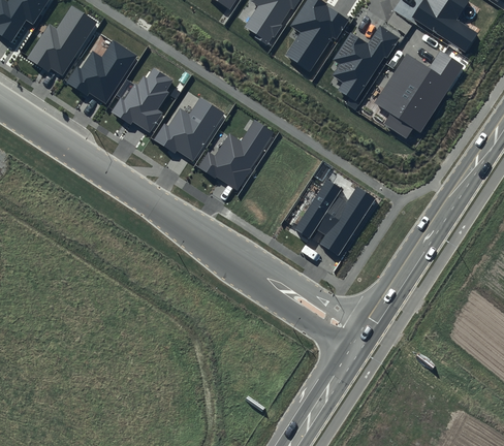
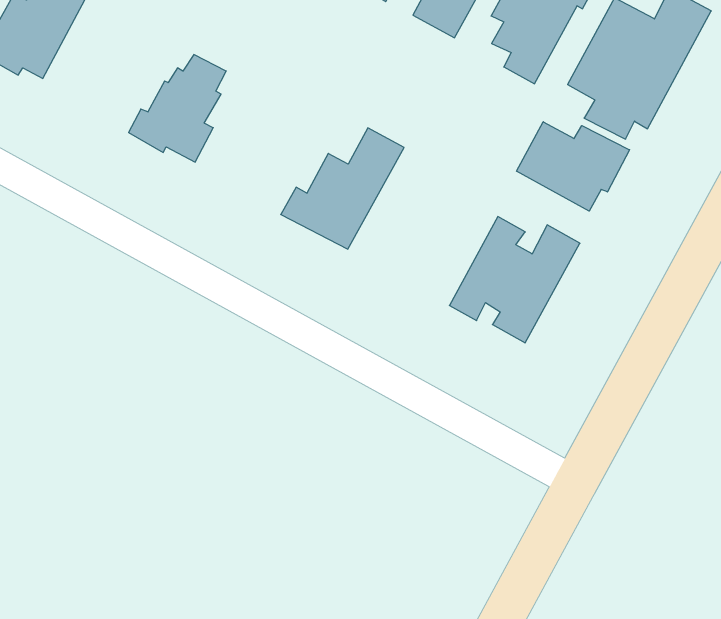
building: [67,38,137,102] -> none
building: [154,96,224,160] -> none
building: none -> [517,122,630,211]

